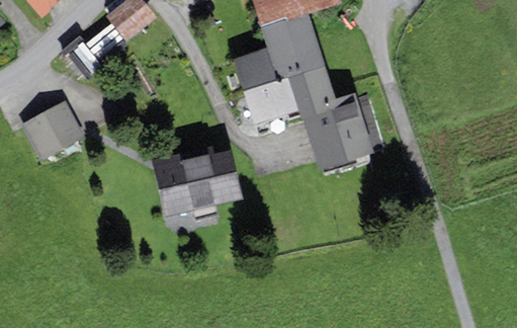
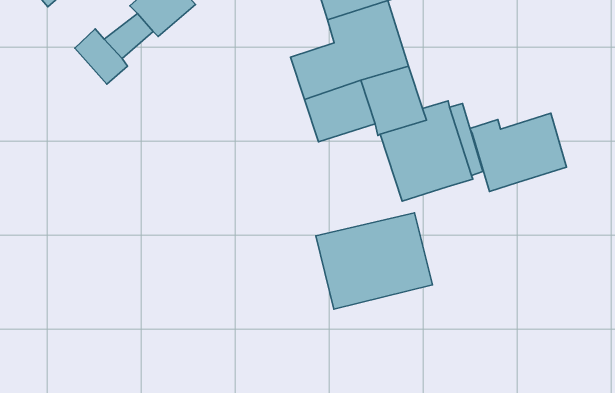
building: [20,99,85,160] -> none
building: none -> [470,113,566,191]
building: [152,142,244,218] -> [316,213,433,309]

